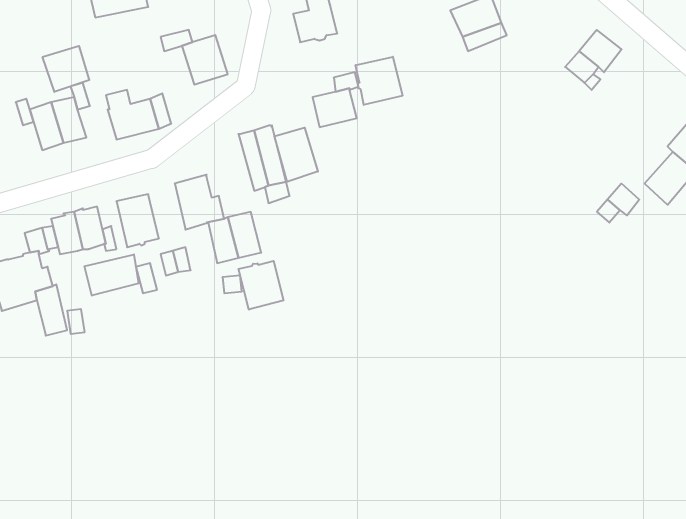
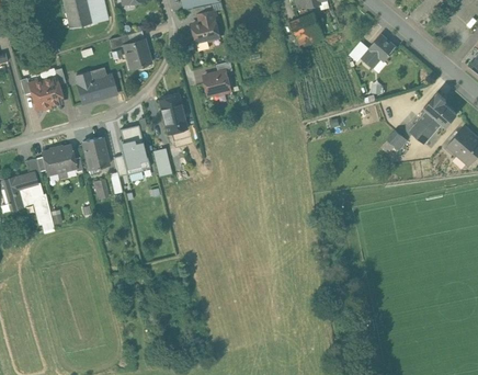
building: [43,46,89,92] -> none
building: [356,57,402,105] -> none
building: [275,128,318,182] -> none
building: [84,254,139,296] -> none
building: [238,261,283,310] -> none

